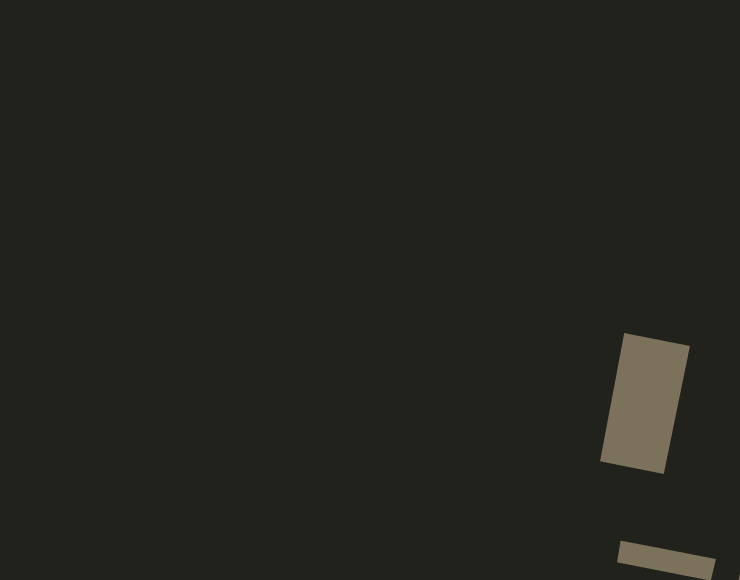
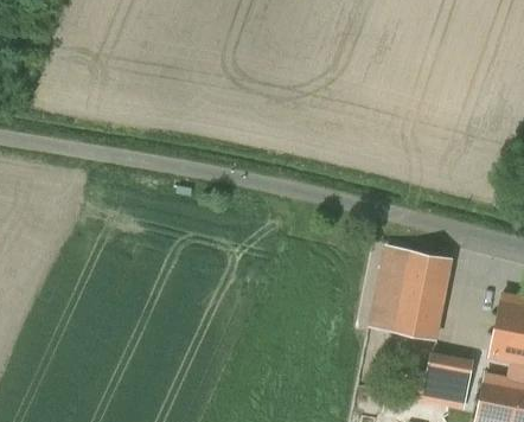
building: none -> [371,245,408,331]
building: none -> [424,362,472,392]

